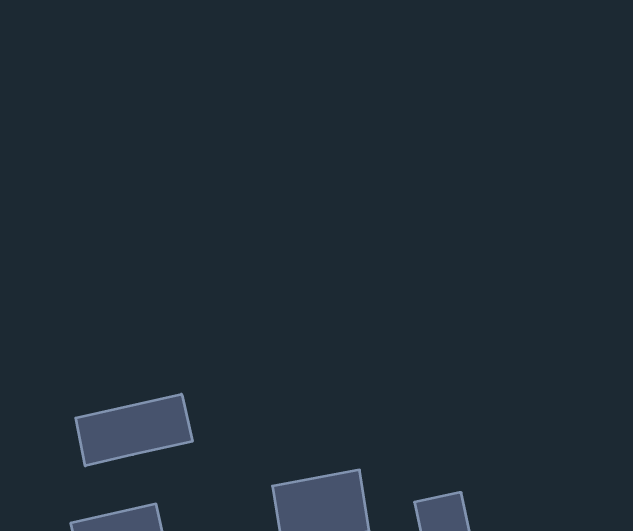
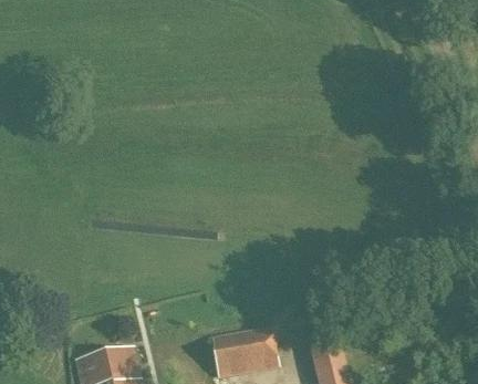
building: [76,394,192,466] -> none

